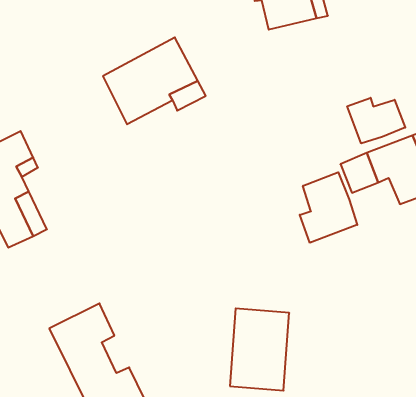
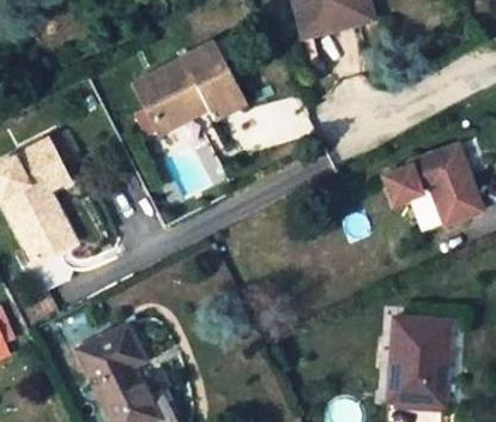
building: [347,98,405,143] -> none
building: [300,172,357,243] -> none
building: [230,308,289,391] -> [388,315,450,402]

